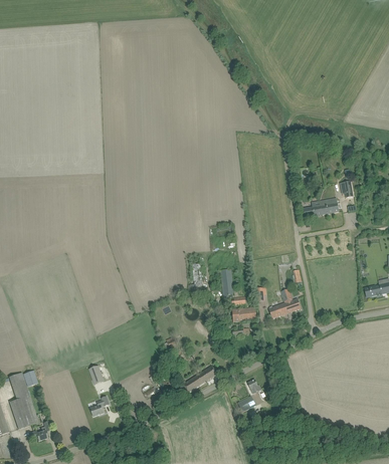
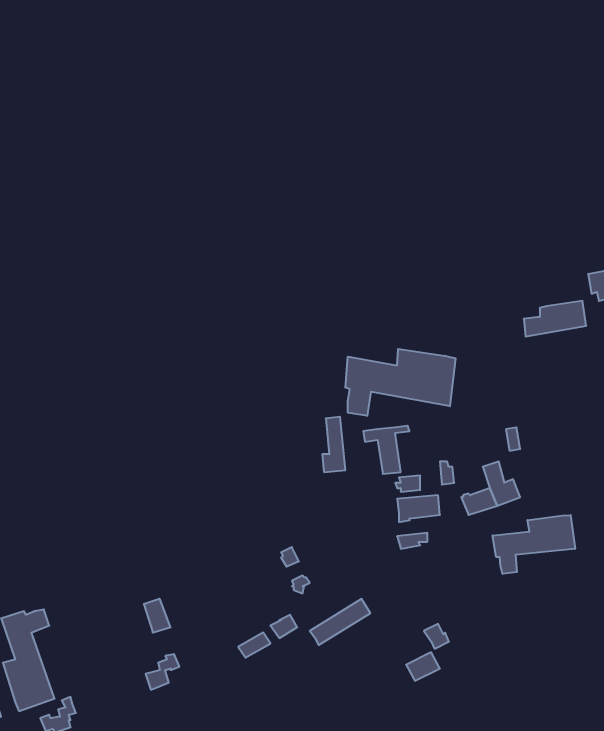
building: none -> [345,349,456,416]
building: none -> [493,515,575,574]

